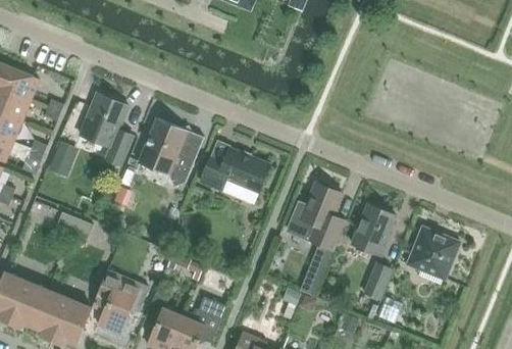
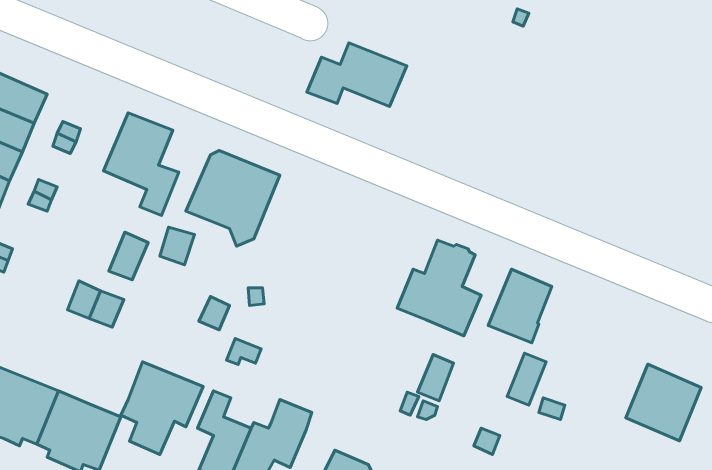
building: [50,143,78,177] -> [109,232,148,280]
building: [199,148,269,193] -> [307,43,407,107]
building: [406,227,459,281] -> [626,364,701,441]

